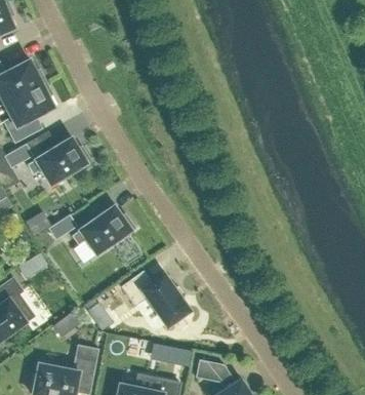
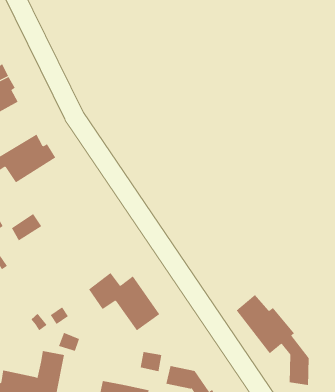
building: [72,206,134,254] -> none
building: none -> [236,294,309,386]

